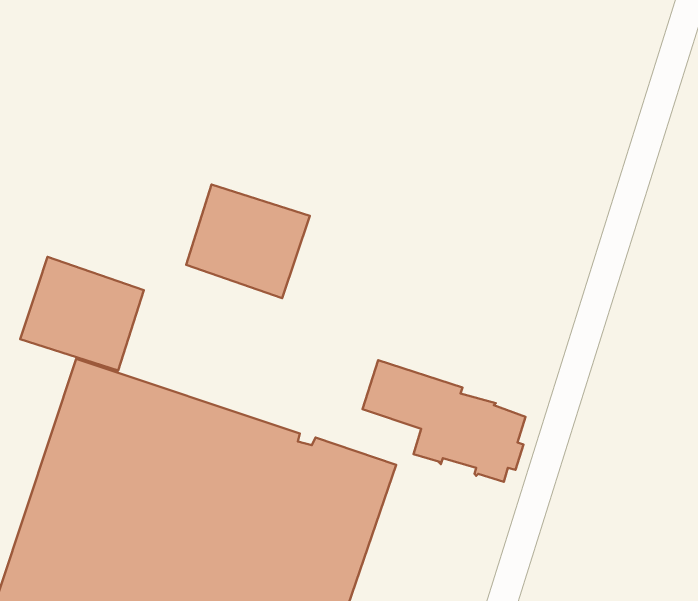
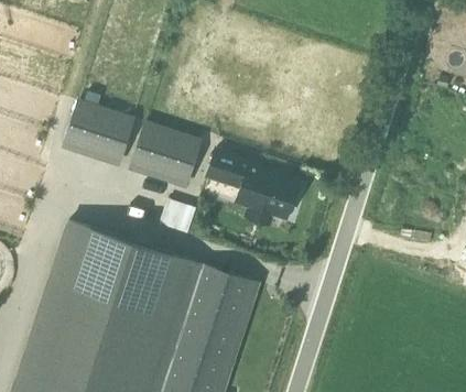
building: [20,257,144,370] -> [65,101,134,165]
building: [362,360,525,482] -> [208,150,300,218]

